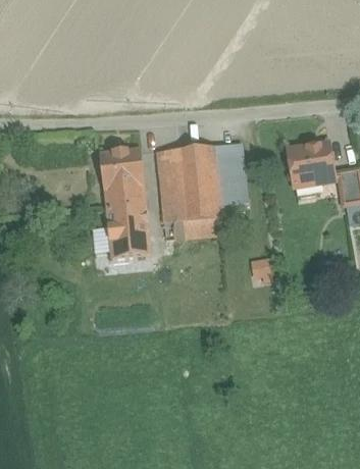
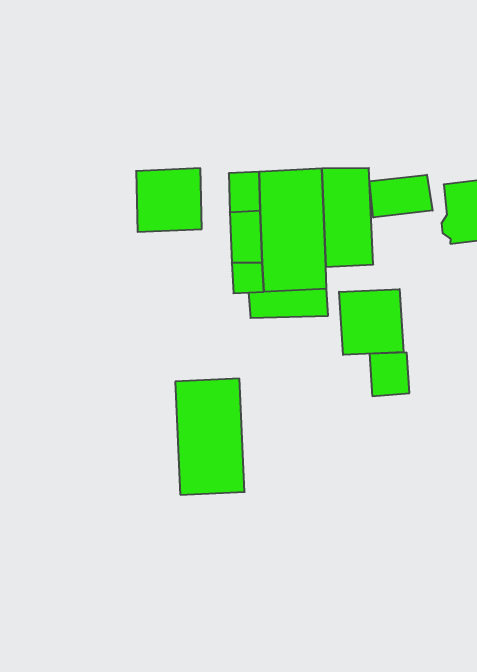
building: none -> [369,175,433,218]
building: [105,186,151,258] -> [175,379,245,495]
building: none -> [339,289,404,355]

